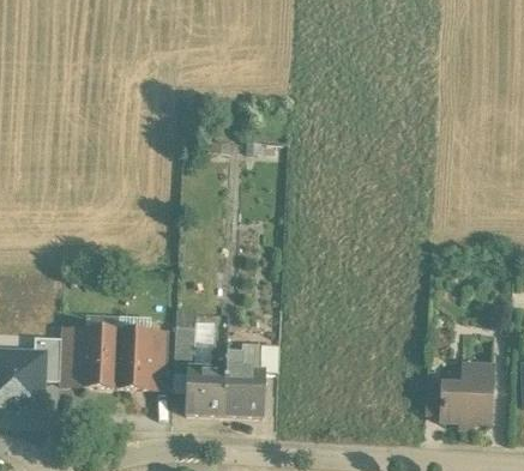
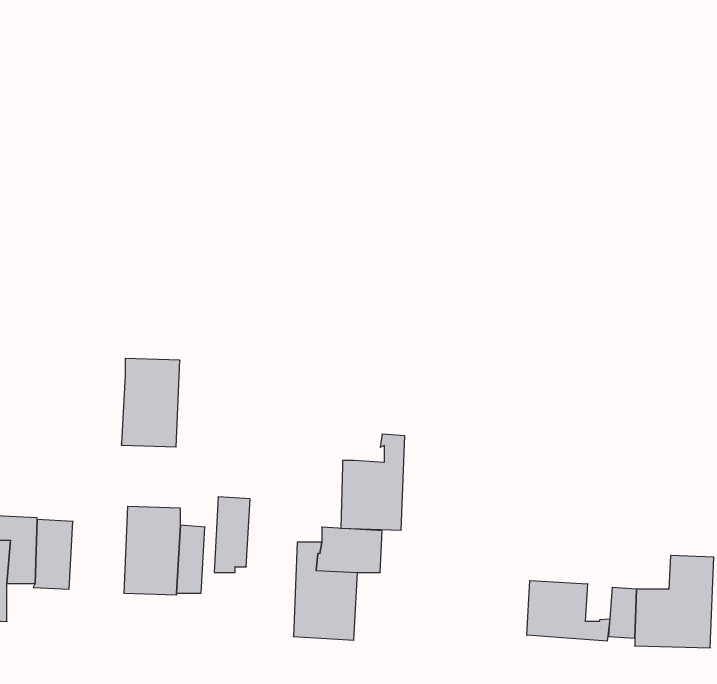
building: [82,331,119,387] -> [121,358,180,447]
building: [186,354,227,415] -> [341,434,405,530]
building: none -> [527,581,610,641]

